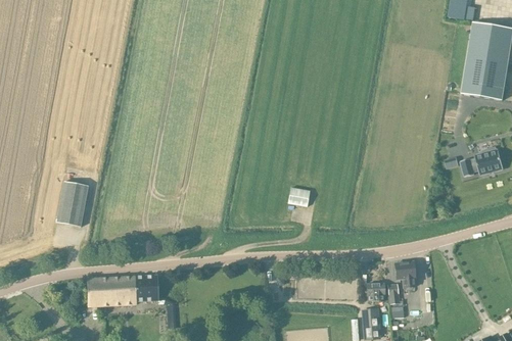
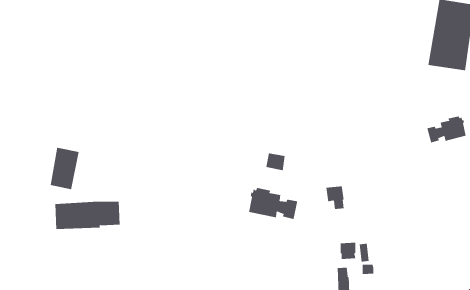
building: none -> [249,187,298,220]
building: [395,261,416,287] -> [325,186,345,210]
building: [88,275,158,305] -> [55,201,120,230]

